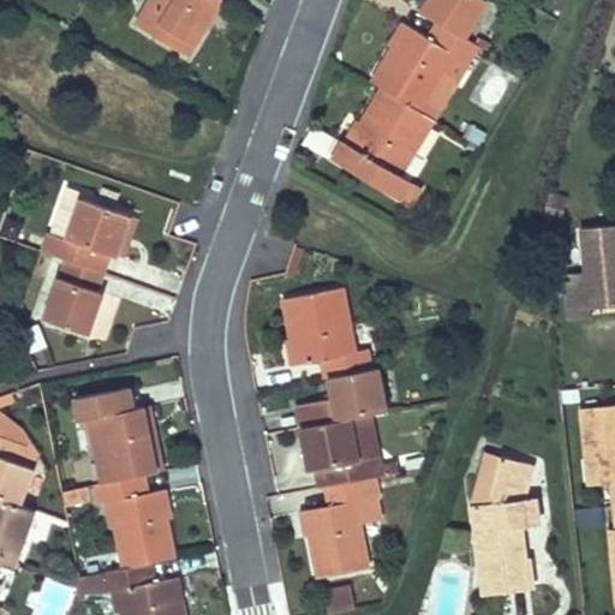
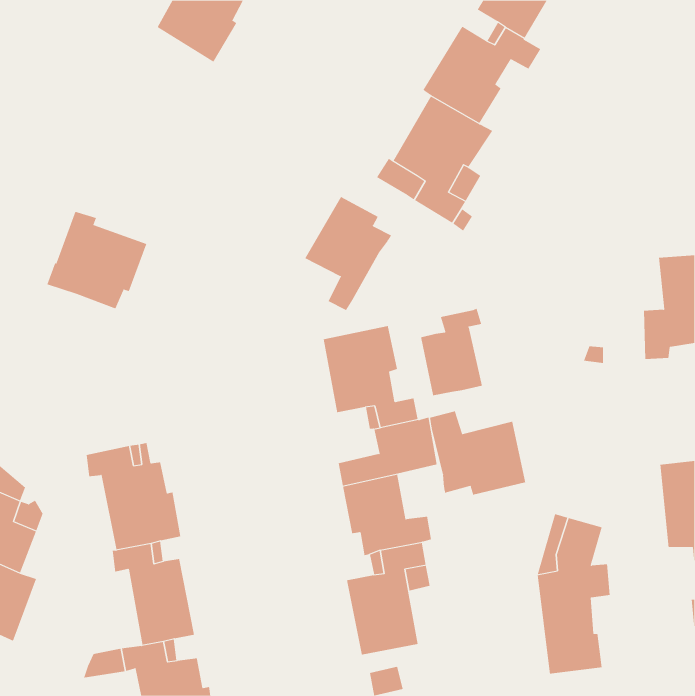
building: none -> [305,196,392,311]
building: [44,259,102,333] -> none
building: none -> [420,308,483,396]
building: none -> [430,410,526,496]

